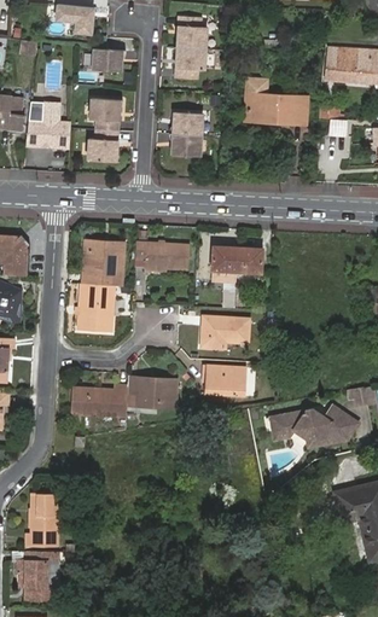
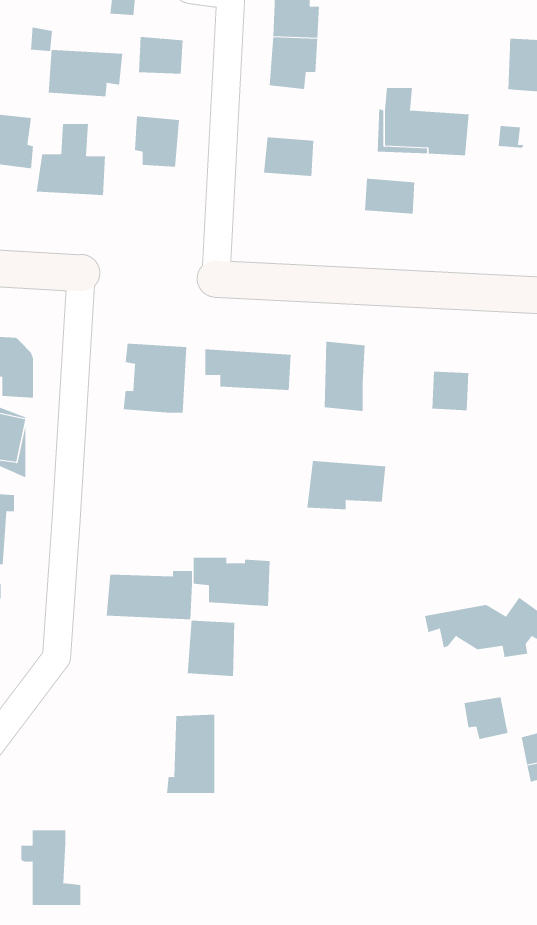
building: none -> [48,49,123,97]
building: [87,128,116,162] -> none
building: [170,133,203,156] -> [364,178,415,214]
building: [235,243,260,268] -> [431,371,469,411]
building: [77,284,112,332] -> none
building: [204,366,246,397] -> none
building: none -> [187,620,235,677]
building: none -> [464,696,508,740]
building: [25,494,57,545] -> [166,714,215,794]

